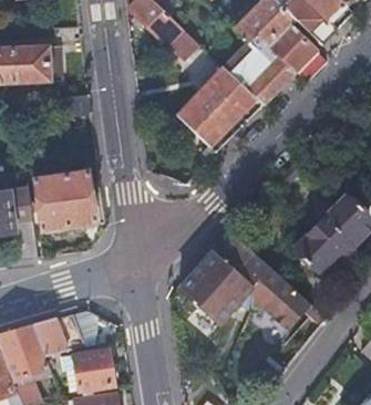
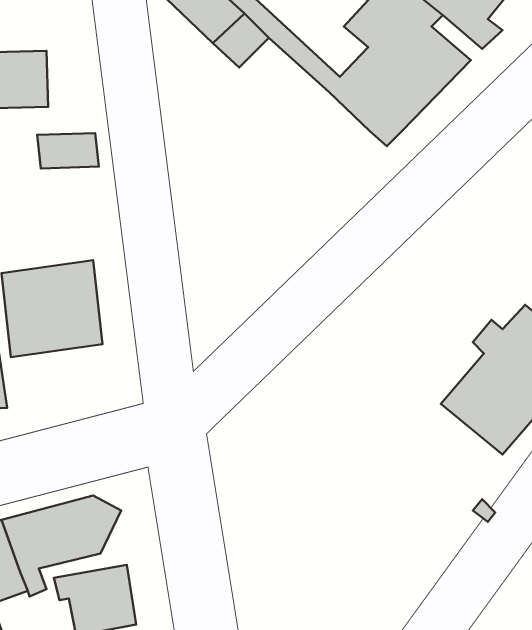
building: [187,71,254,136] -> none
building: [179,233,311,333] -> none

